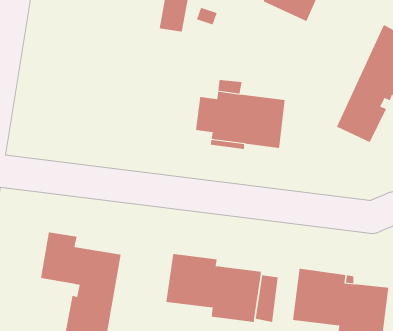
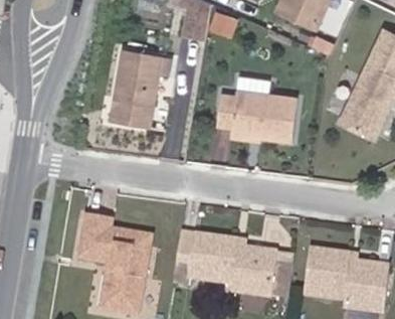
building: none -> [112,51,160,127]

